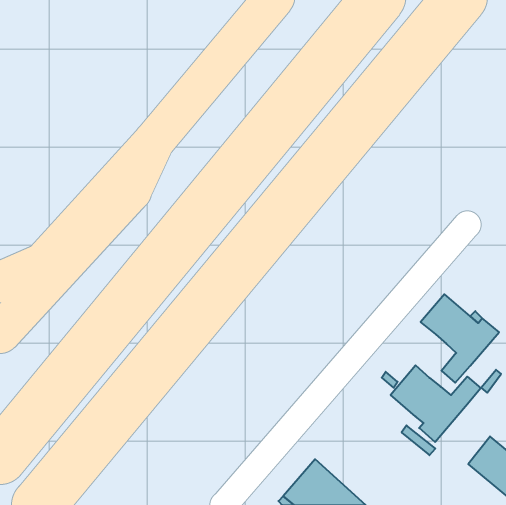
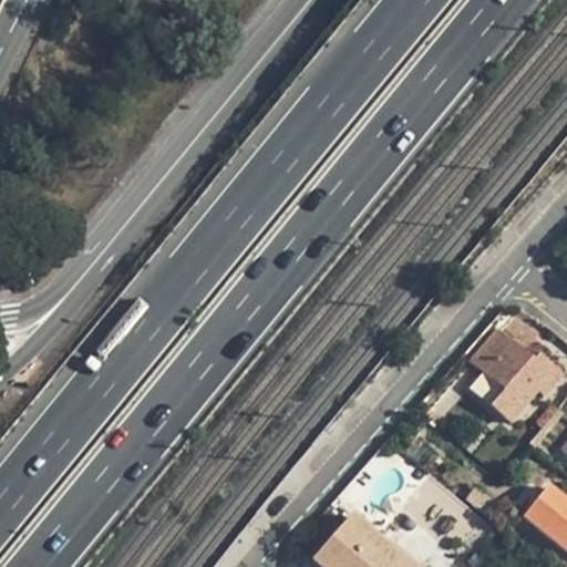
building: [391,365,481,442] -> none

